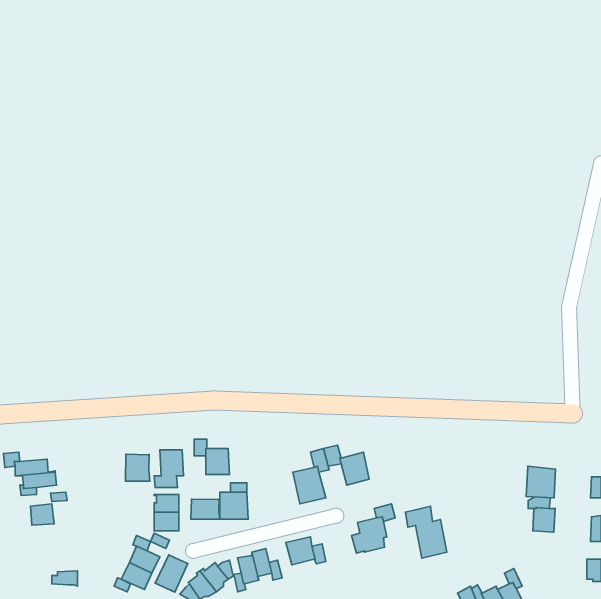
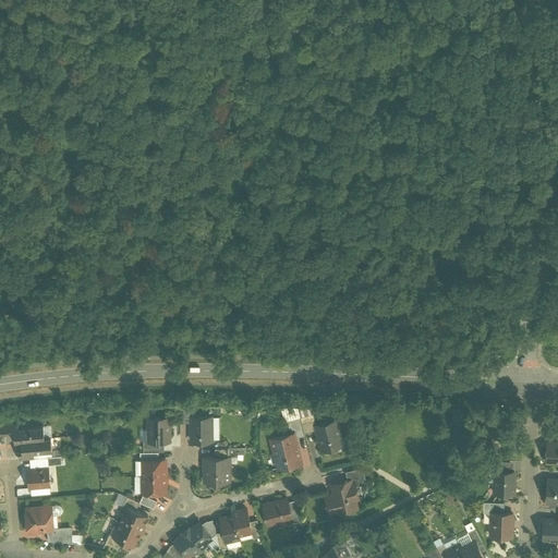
building: [125,454,150,481] -> none
building: [526,466,556,498] -> none
building: [191,499,220,519] -> none
building: [406,506,447,558] -> none
building: none -> [488,504,512,537]
building: none -> [26,507,53,535]
building: [155,555,188,592] -> none

